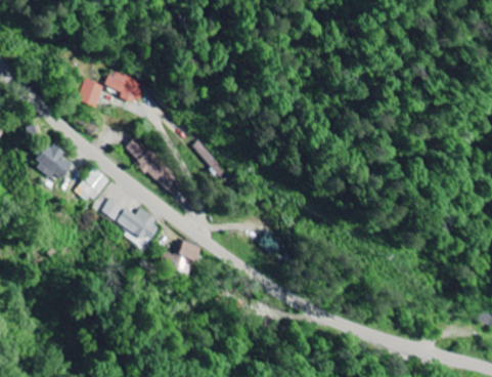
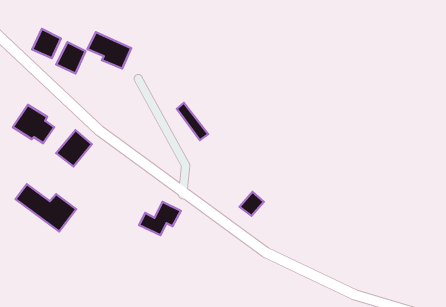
building: none -> [32,29,61,58]
building: [128,138,179,192] -> none
building: [99,198,161,246] -> [16,184,76,232]

